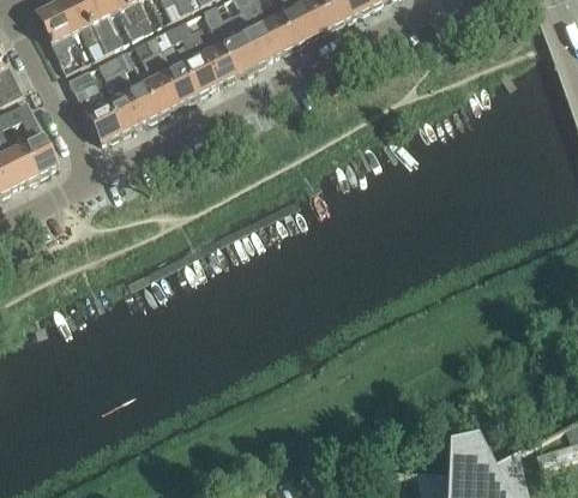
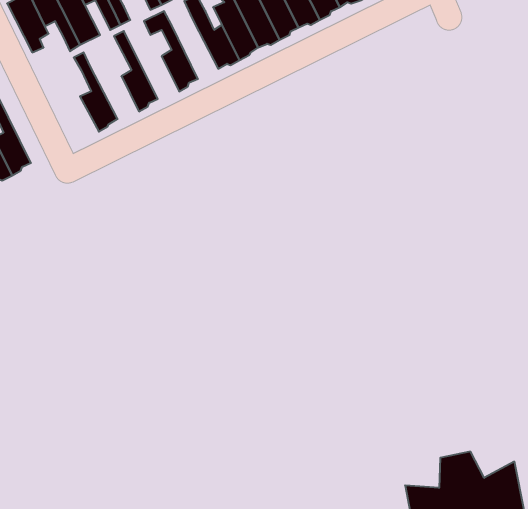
building: [191,28,235,84] -> none
building: [145,32,198,103] -> none
building: [107,49,159,122] -> none
building: [67,67,121,143] -> none

